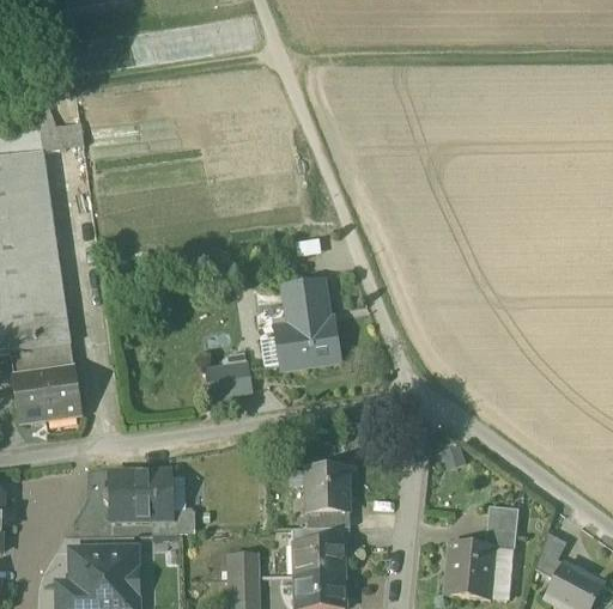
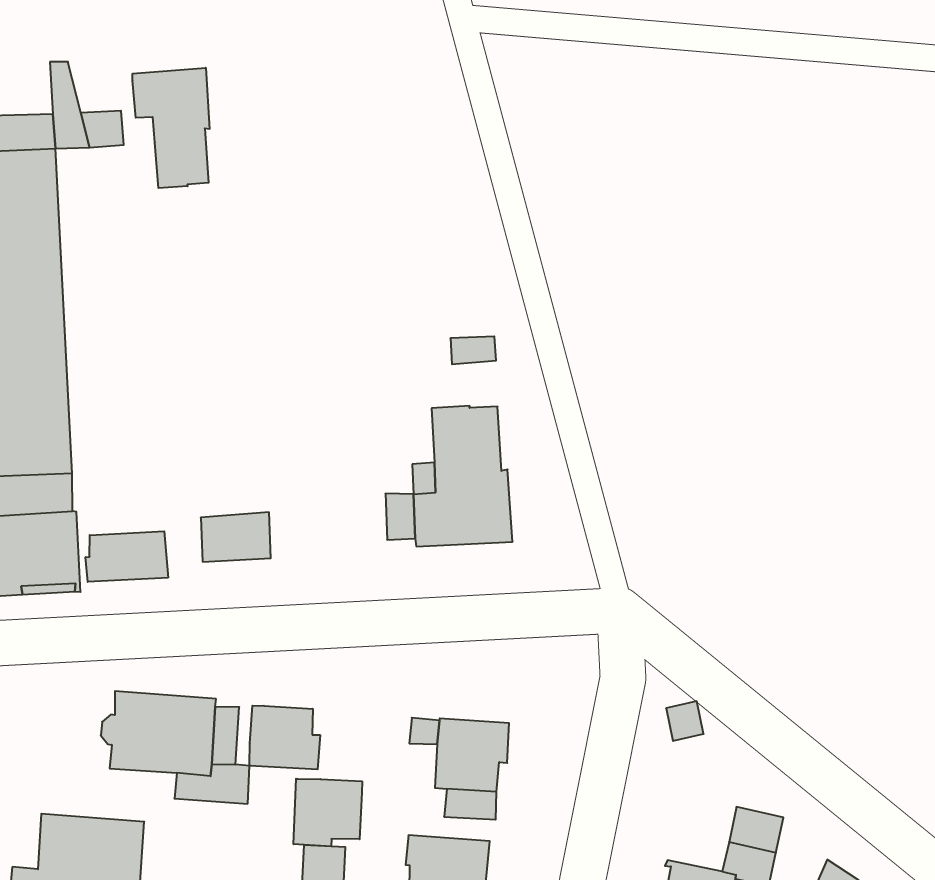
building: none -> [133,68,210,188]
building: [206,363,250,396] -> [201,512,271,562]
building: none -> [86,531,168,582]
building: none -> [249,706,320,769]
building: none -> [294,779,362,846]

